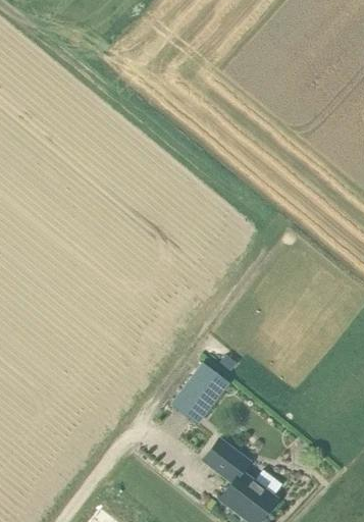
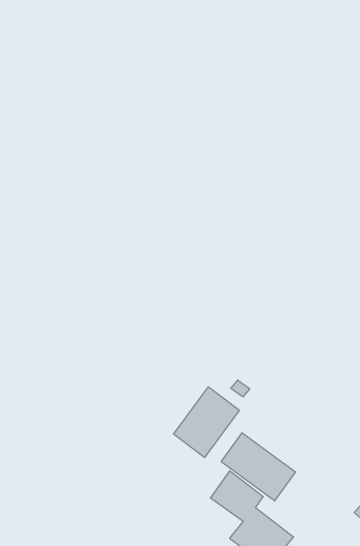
building: none -> [221,433,295,501]

